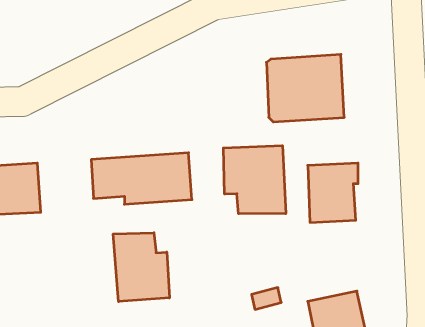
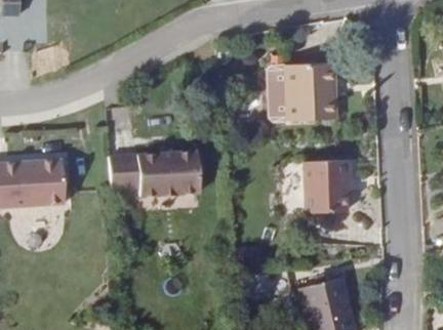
building: [223,146,286,214] -> none
building: [113,233,169,302] -> none

